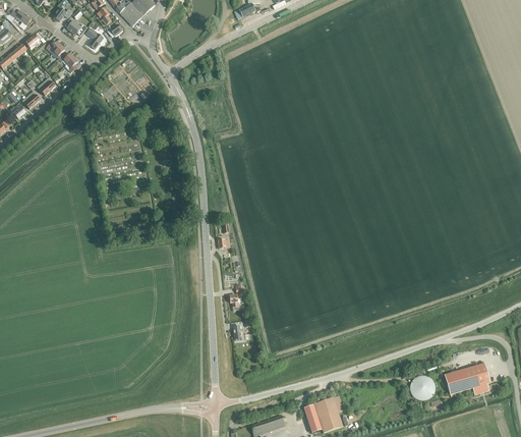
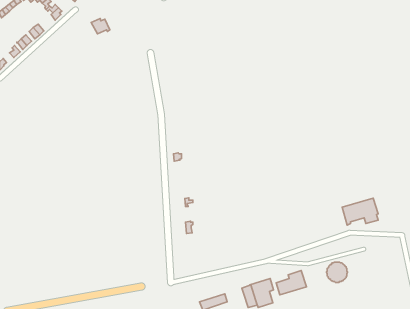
building: [445,362,489,395] -> [342,198,378,225]
building: none -> [276,270,306,295]

